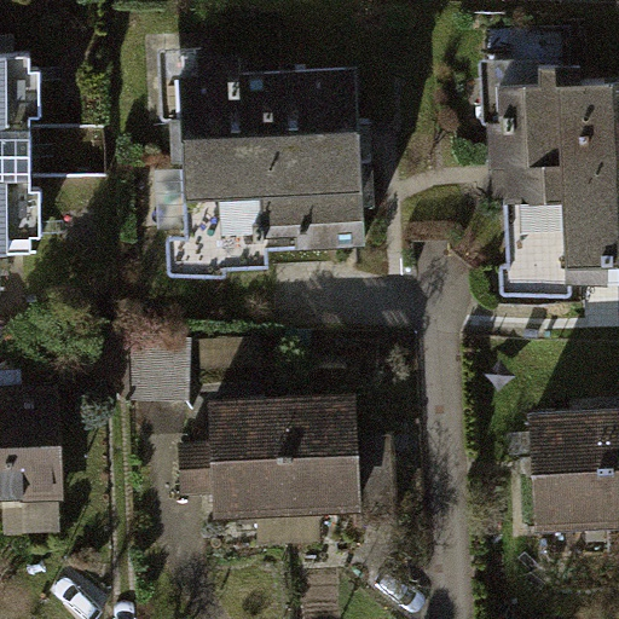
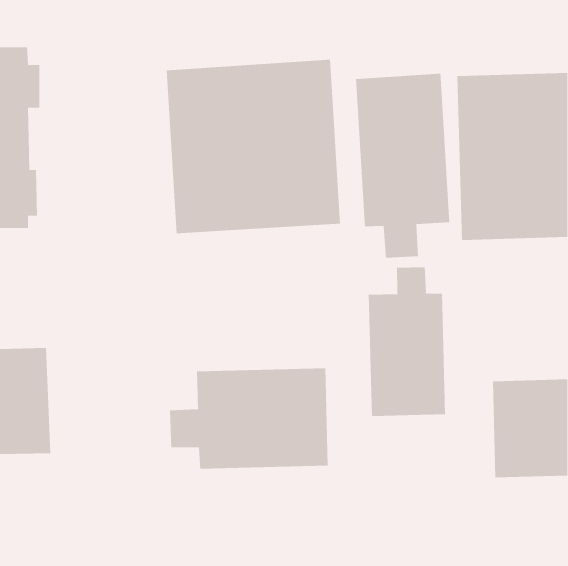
building: none -> [356,73,450,259]
building: none -> [368,267,445,417]

